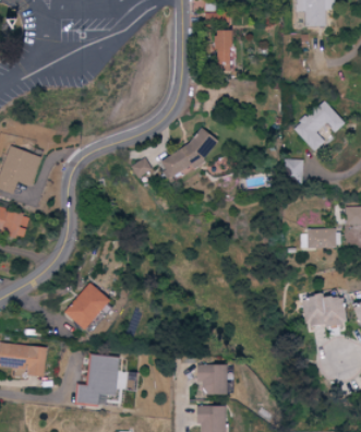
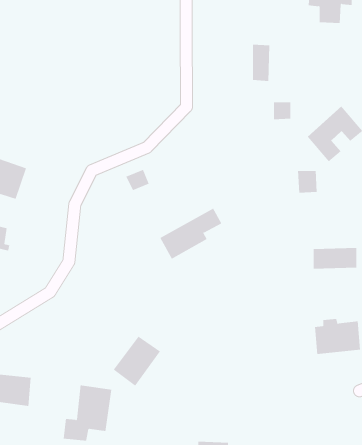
building: [212,29,228,63] -> [252,44,270,81]
building: [158,132,215,179] -> [160,208,222,259]
building: [64,284,108,329] -> [113,336,161,386]
building: [196,364,226,394] -> none

